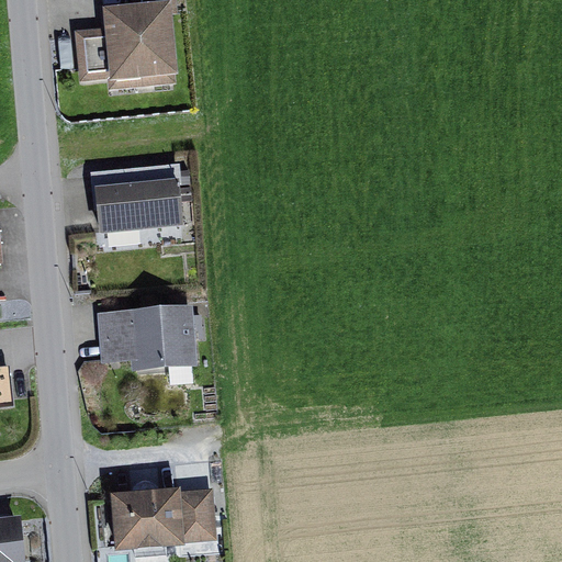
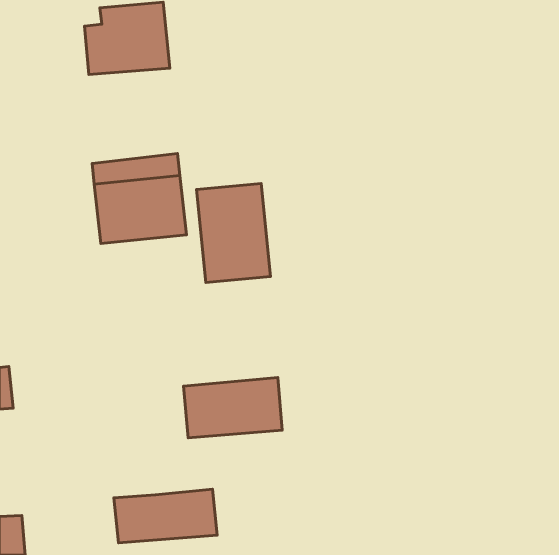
building: none -> [196,184,271,283]
building: [95,307,194,368] -> [184,377,282,438]

